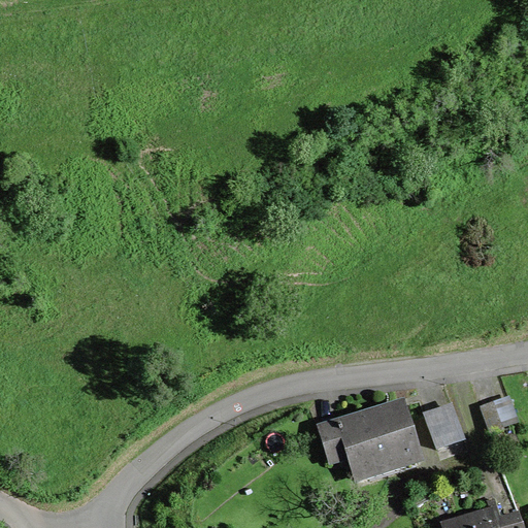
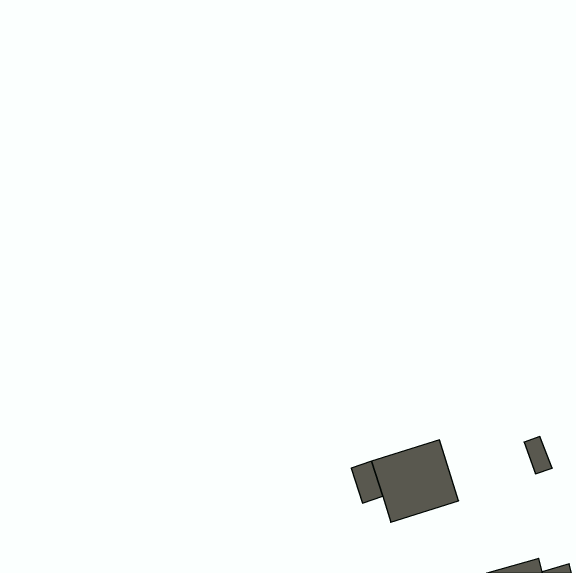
building: [426,407,464,447] -> none

